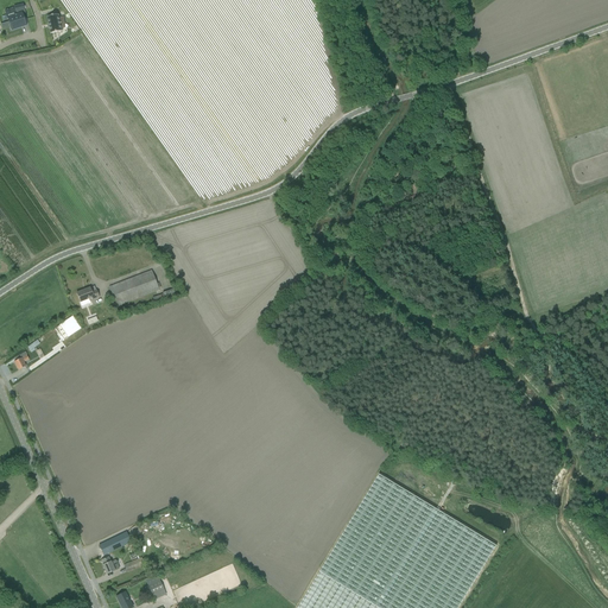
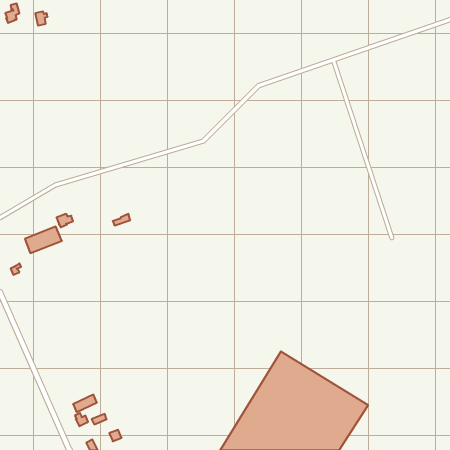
building: [109,271,159,306] -> [25,227,62,253]

